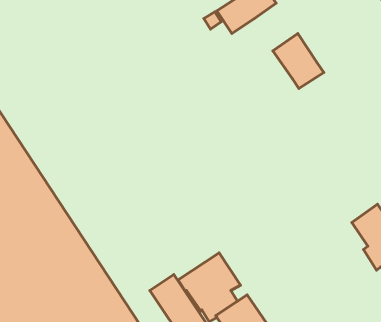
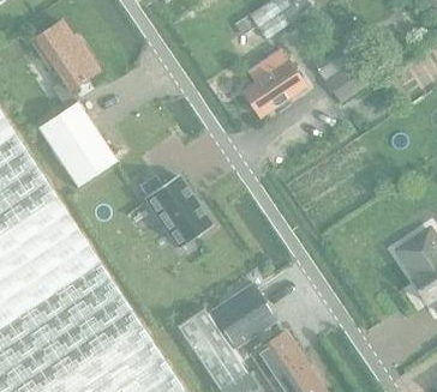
building: none -> [30,20,115,188]
building: none -> [244,48,307,116]
building: none -> [138,174,210,248]

